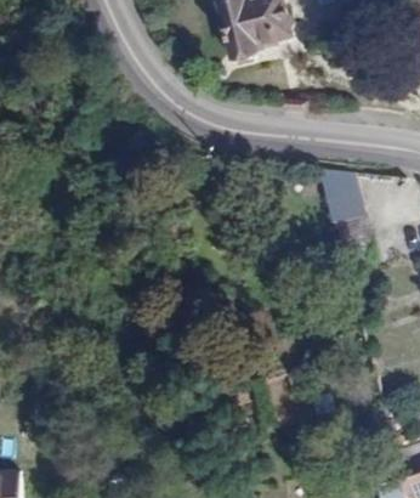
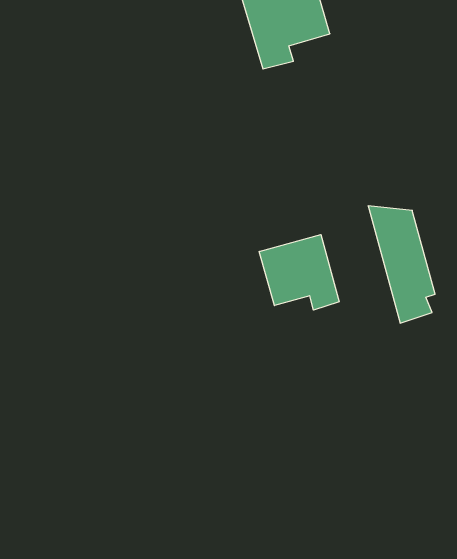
building: none -> [259,235,339,310]

